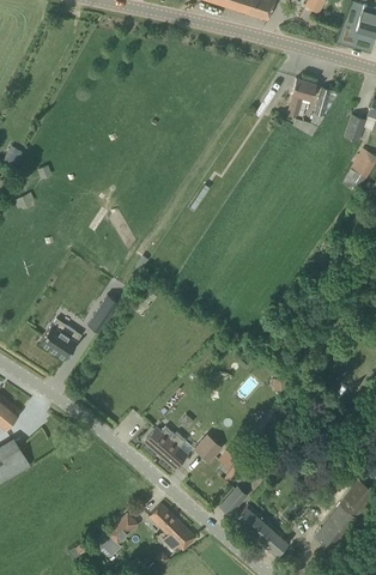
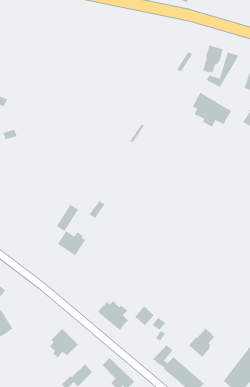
building: none -> [192,92,232,127]
building: [40,325,79,359] -> [57,231,86,256]
building: none -> [188,328,215,358]
building: none -> [49,328,79,358]

